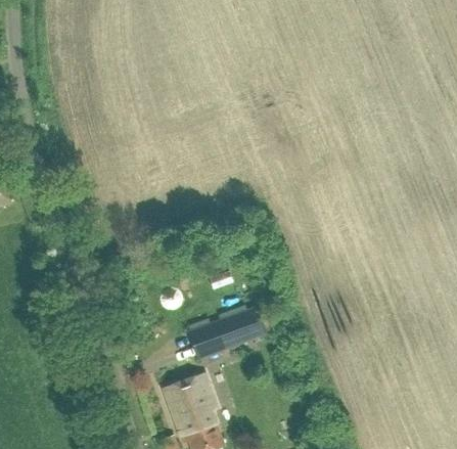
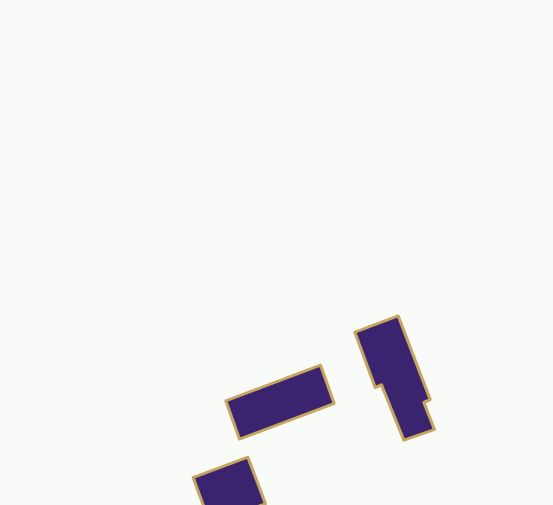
building: none -> [355,316,434,440]

